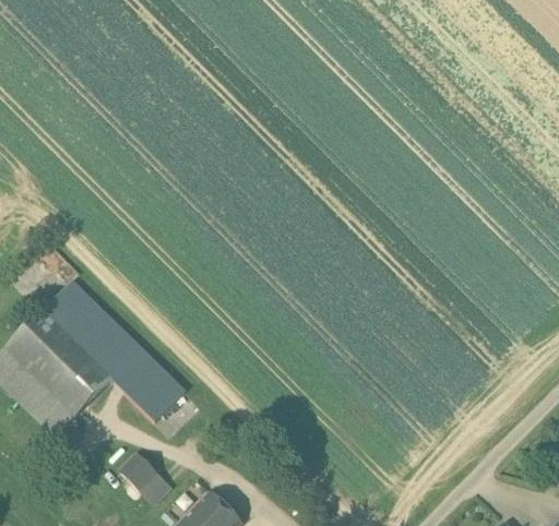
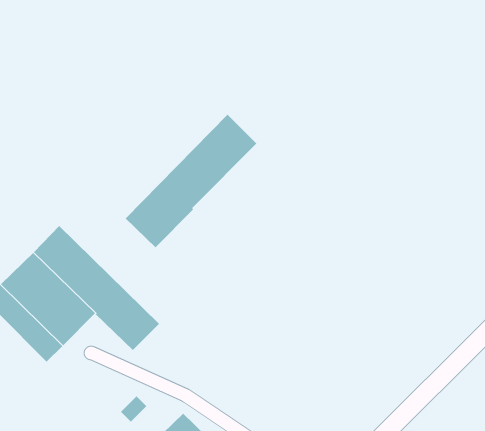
building: none -> [125,114,257,248]
building: [120,451,159,490] -> none

